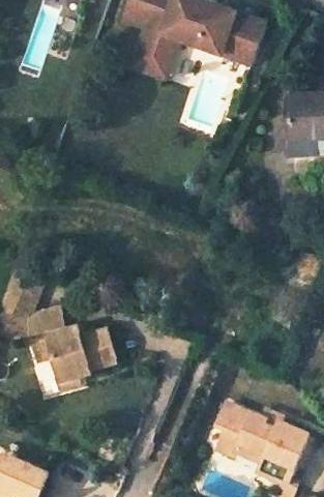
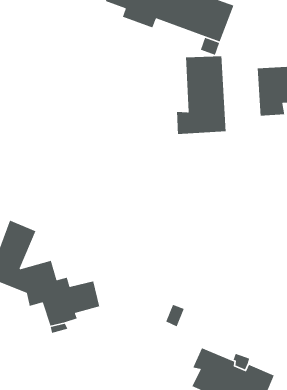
building: [128,39,174,82] -> none
building: none -> [176,55,227,135]

